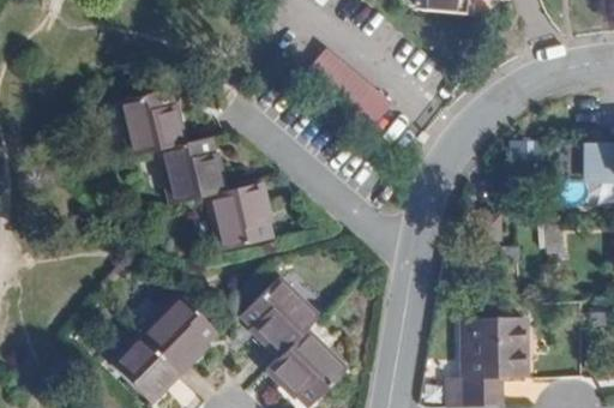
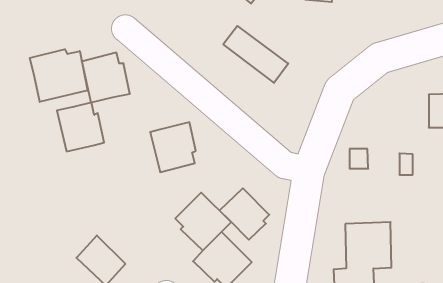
building: none -> [30,49,87,102]
building: [158,134,222,200] -> [57,102,104,151]
building: none -> [220,188,269,240]
building: [137,290,213,370] -> none

